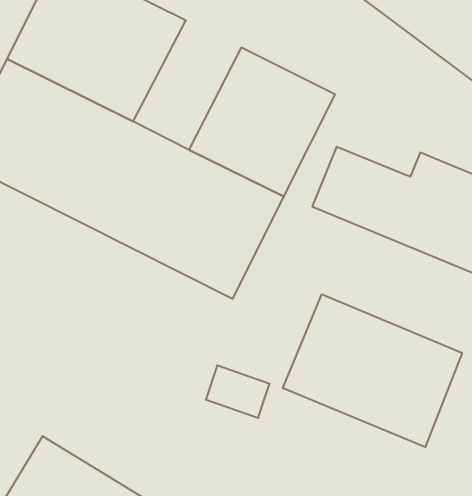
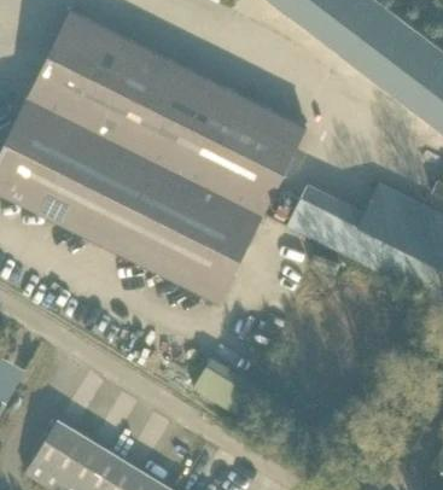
building: none -> [134,66,226,176]
building: [283,294,462,447] -> none

